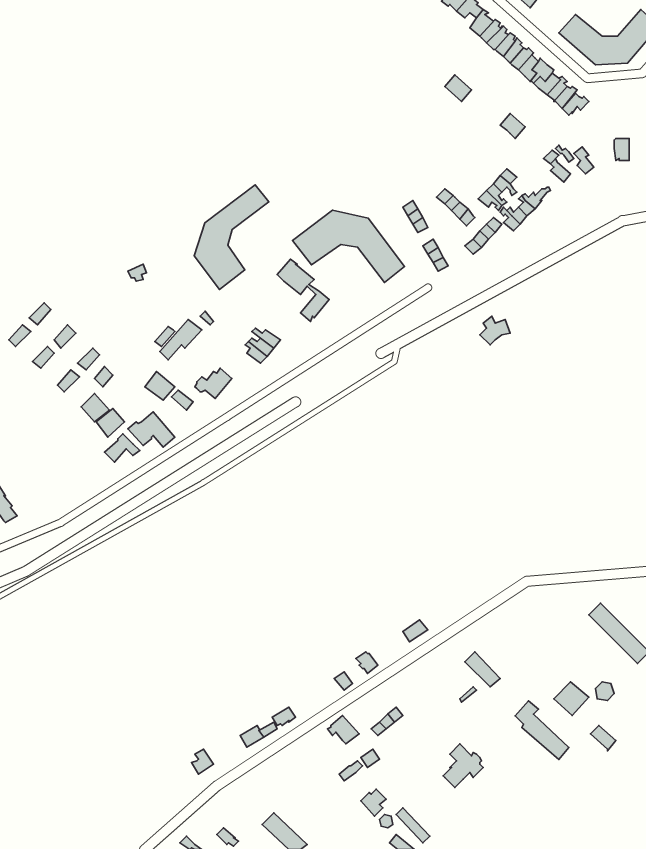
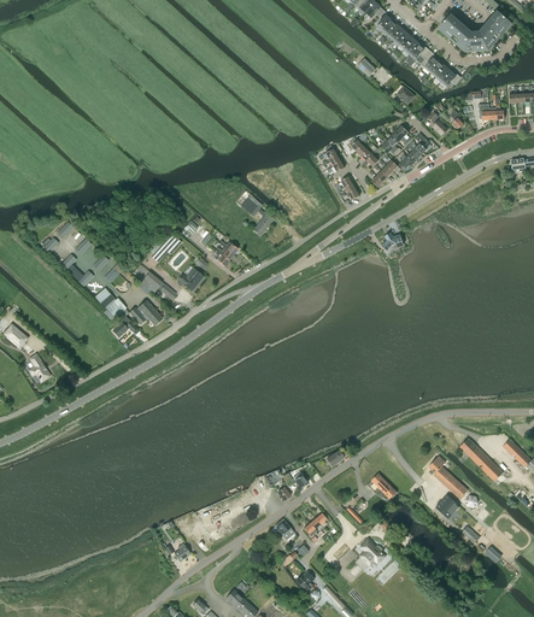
building: [194,185,269,290] -> none
building: [292,210,404,283] -> none
building: [515,701,569,759] -> [428,456,466,498]

